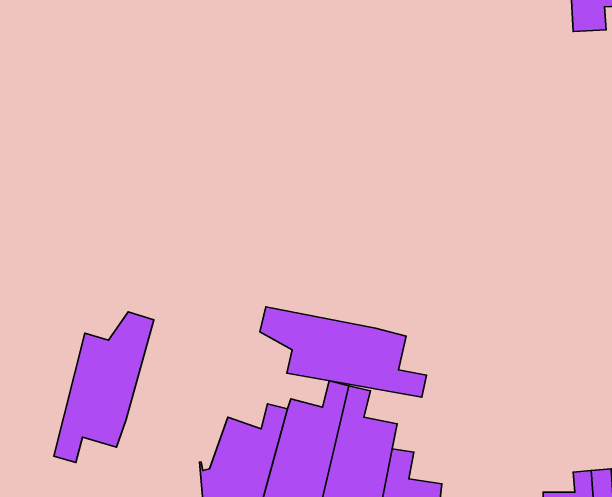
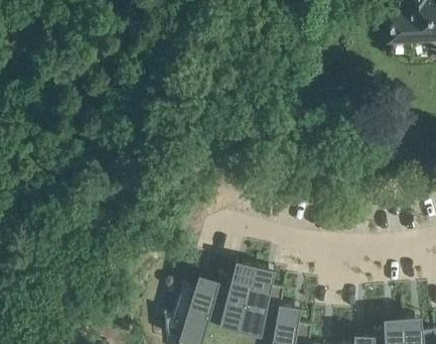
building: [260,307,427,397] -> none
building: [54,312,154,463] -> none

